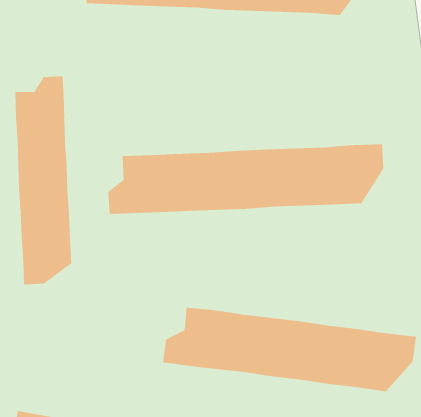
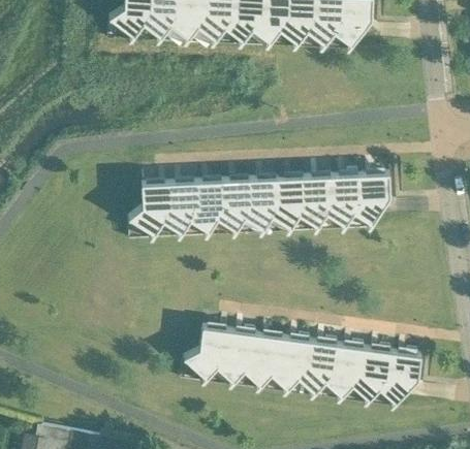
building: [15,75,72,285] -> none

